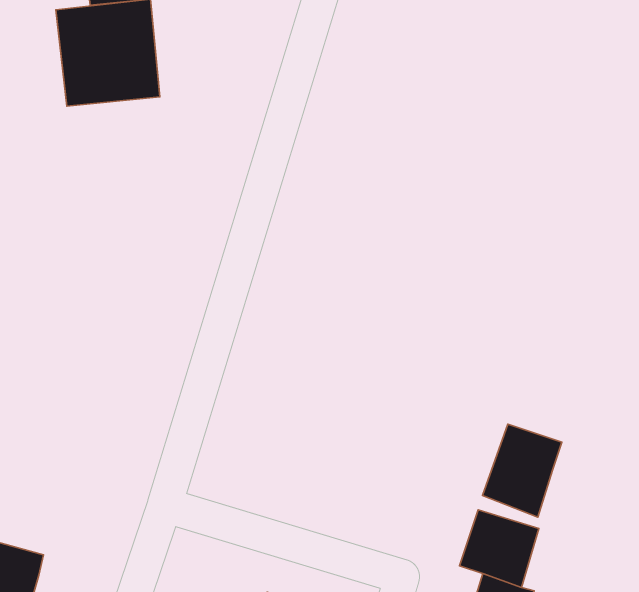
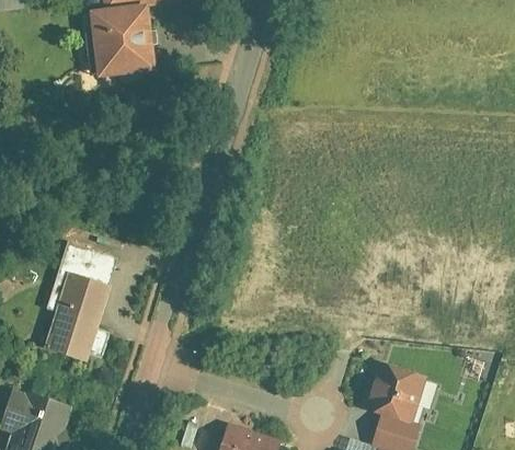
building: none -> [50,259,119,359]
building: [483,424,562,517] -> none

